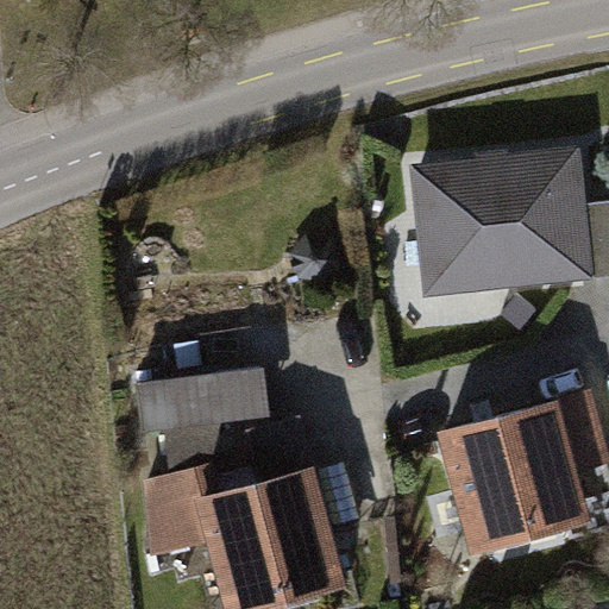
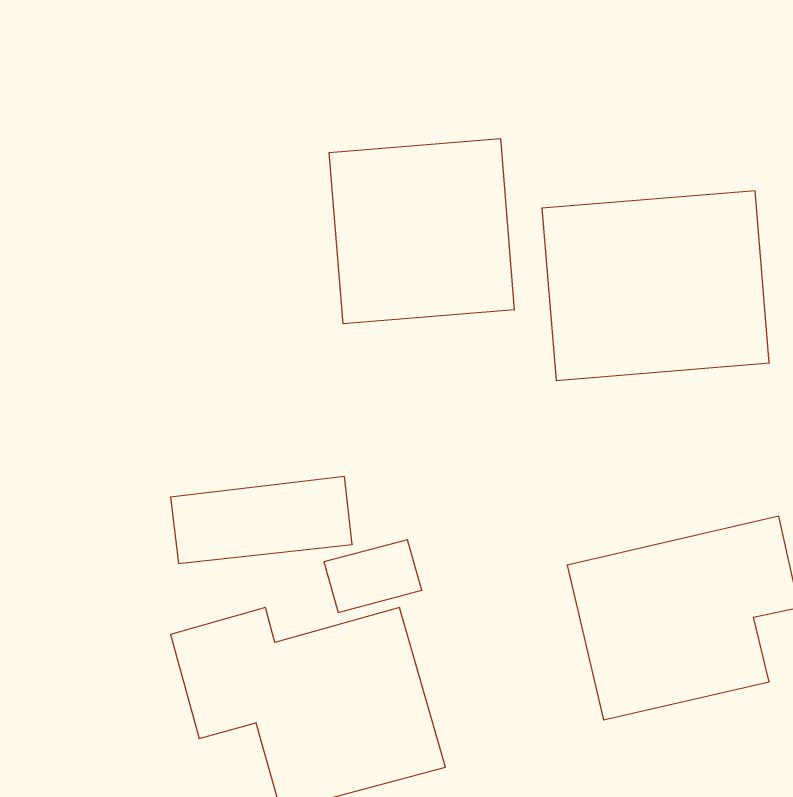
building: none -> [329,139,514,324]

